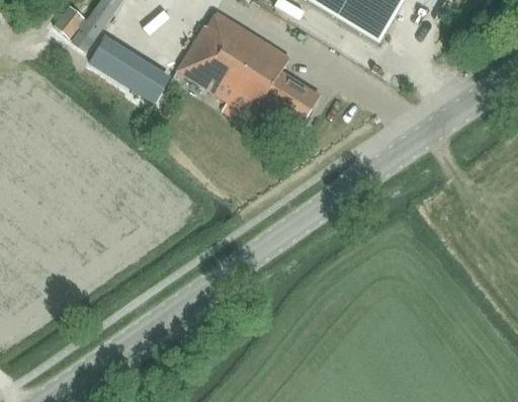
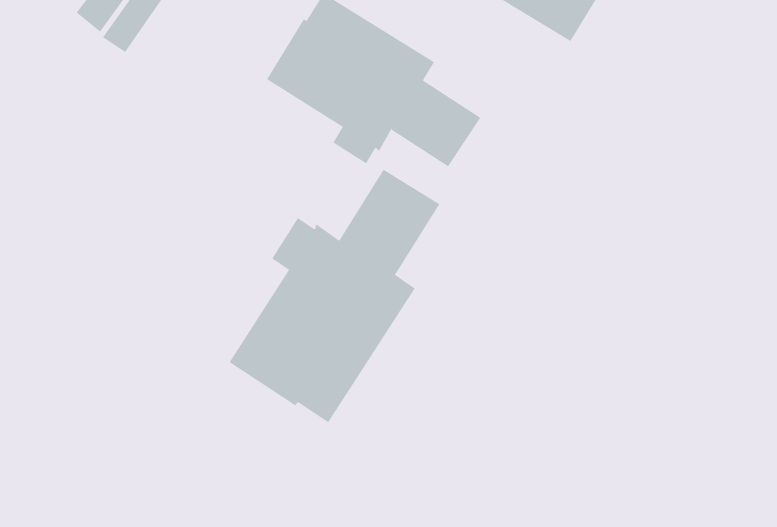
building: [89,33,171,101] -> none
building: none -> [229,169,440,423]

